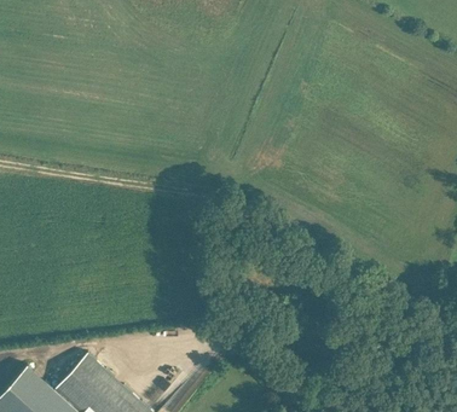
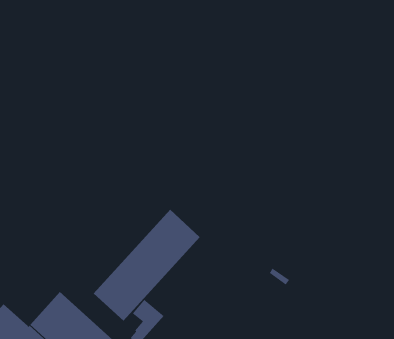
building: none -> [93,209,201,322]

